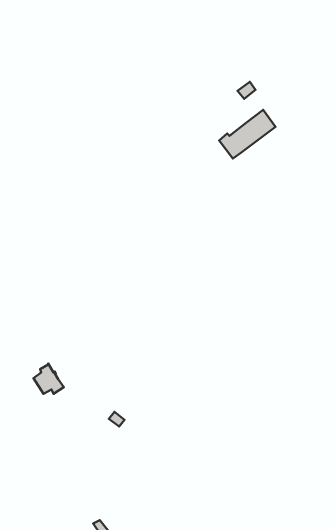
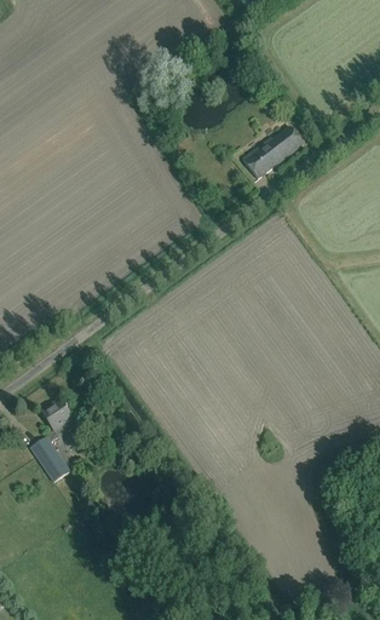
building: none -> [30,435,69,480]

